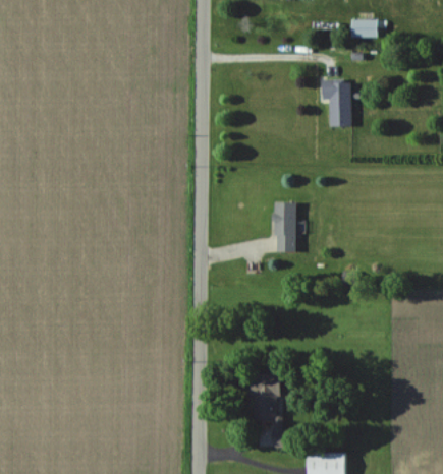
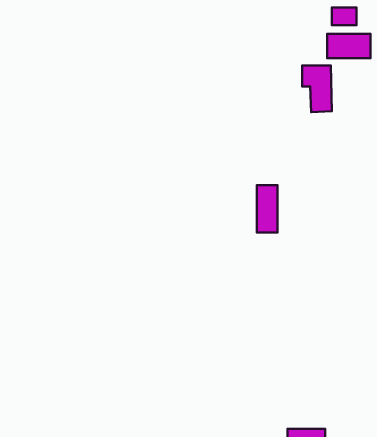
building: none -> [327,34,370,58]
building: [252,374,283,447] -> none

